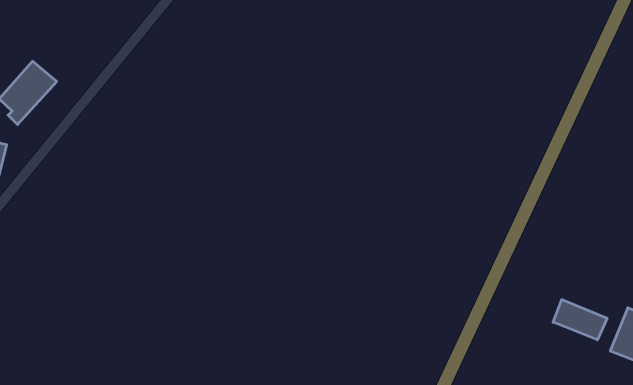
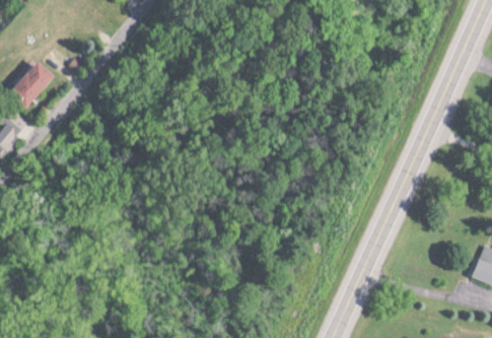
building: [553,300,607,340] -> none

